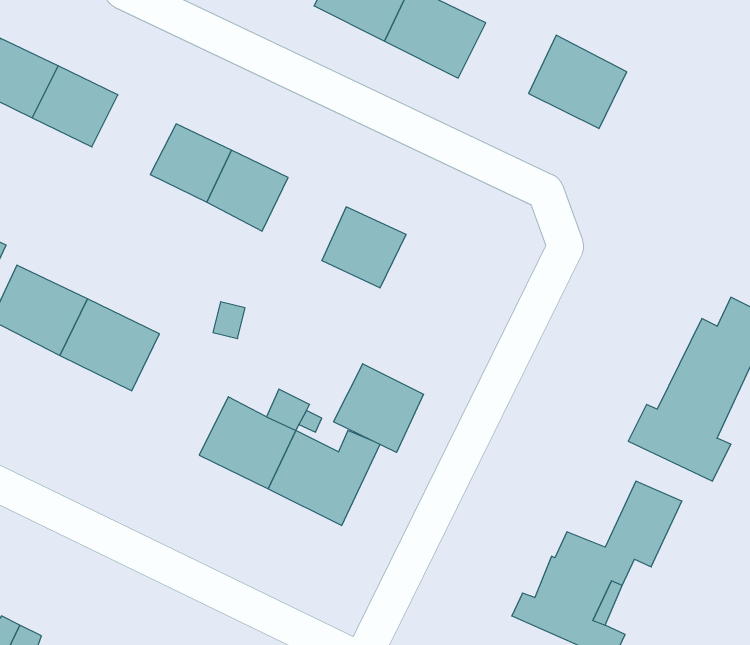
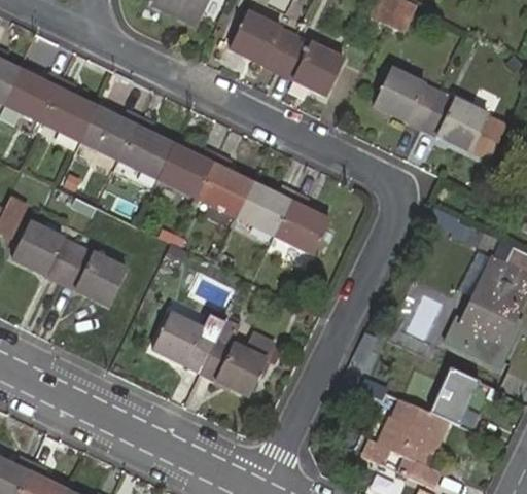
building: none -> [422,92,503,158]
building: none -> [81,107,138,161]
building: none -> [196,163,252,218]
building: none -> [275,201,329,255]
building: [334,364,423,452] -> none

